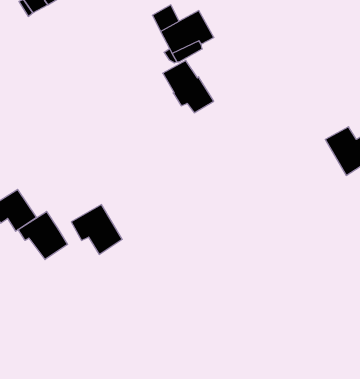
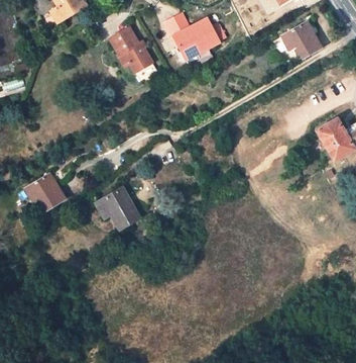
building: none -> [282,20,322,58]
building: [163,60,214,113] -> [109,27,153,73]
building: [18,211,68,260] -> none

